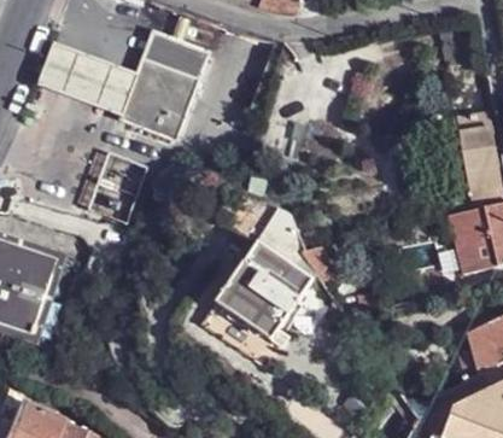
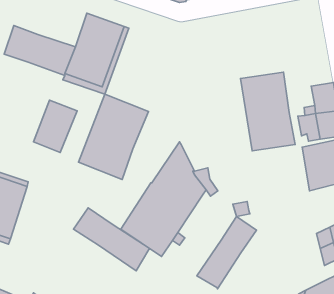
building: none -> [241,72,295,151]
building: none -> [78,94,148,179]
building: none -> [74,208,150,271]
building: none -> [197,217,256,289]

